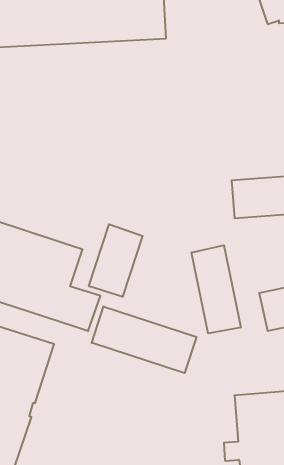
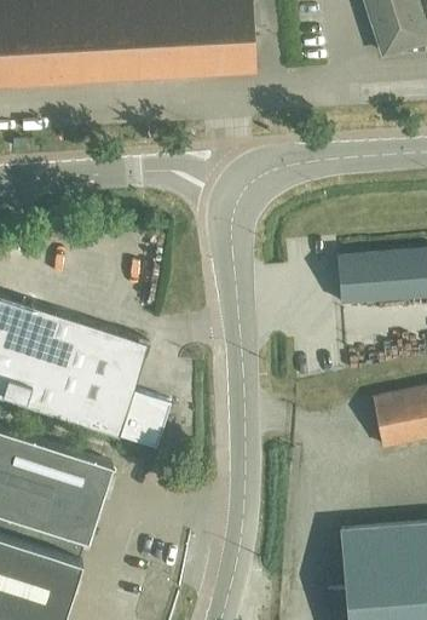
building: [89,224,143,297] -> none
building: [192,245,241,333] -> none
building: [92,306,196,373] -> none

